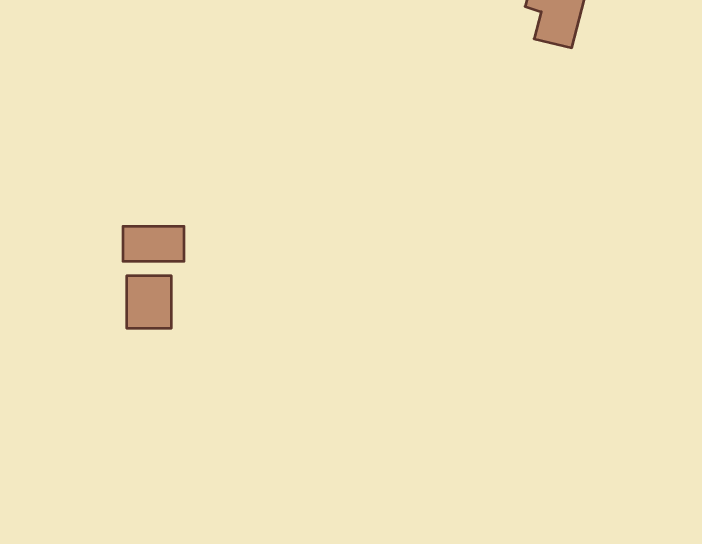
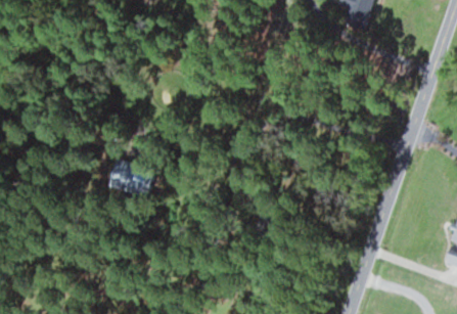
building: [123,226,184,261] -> none

